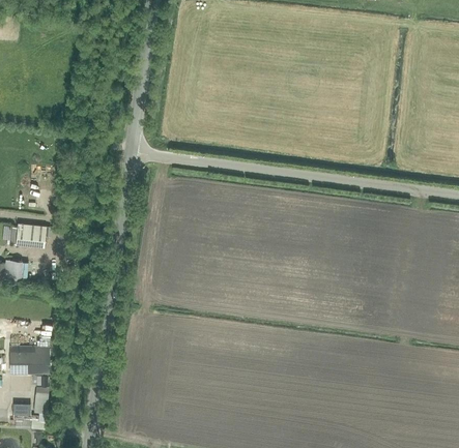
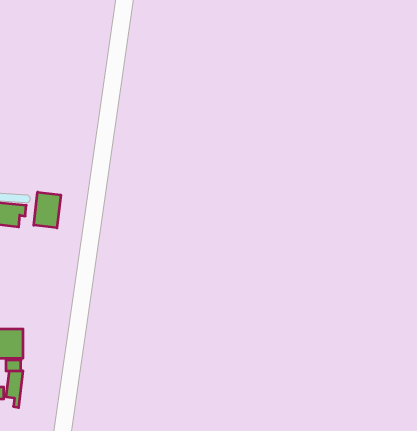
building: none -> [34,192,61,228]

